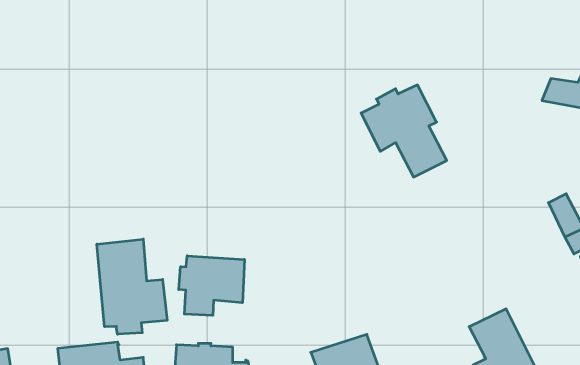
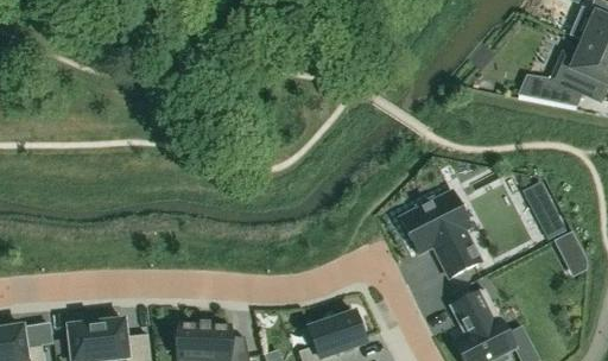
building: [361,85,447,177] -> [400,190,480,276]
building: [97,239,167,334] -> none
building: [179,256,244,315] -> none

